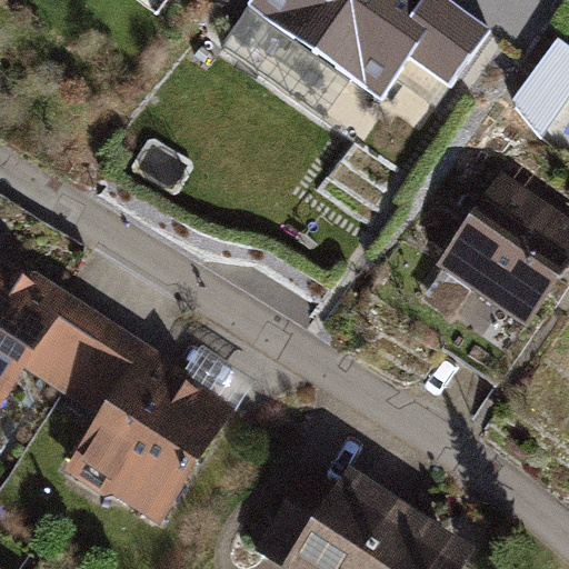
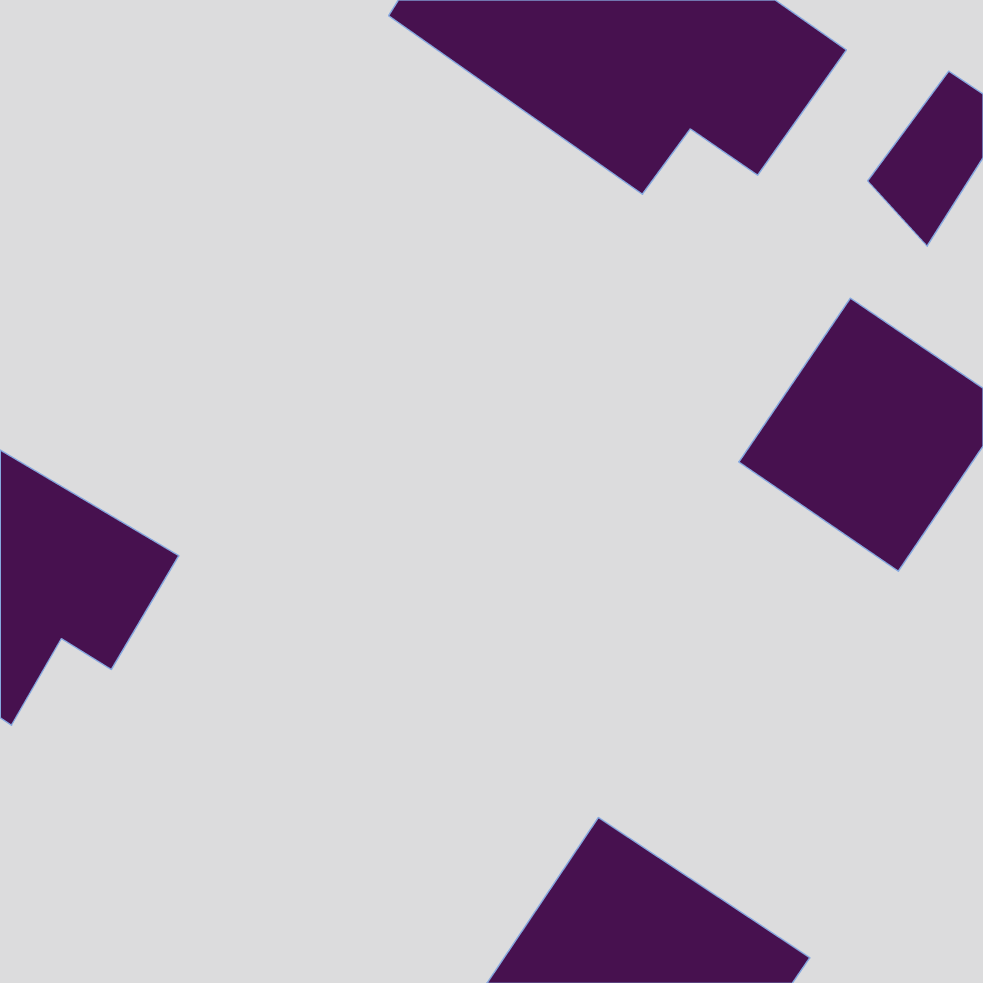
building: [64,321,238,522] -> none

